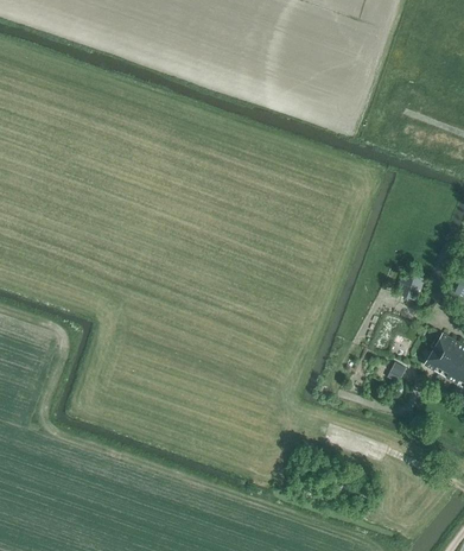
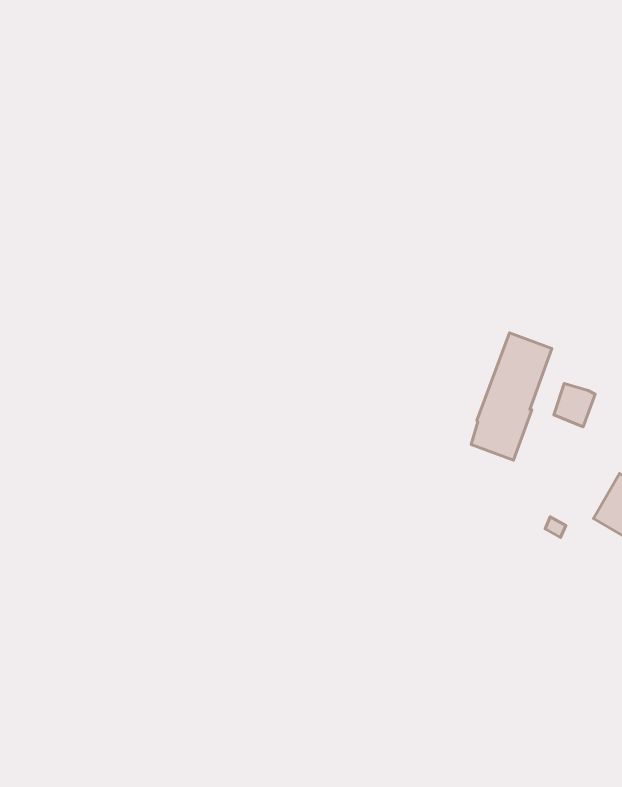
building: none -> [471,333,552,460]

